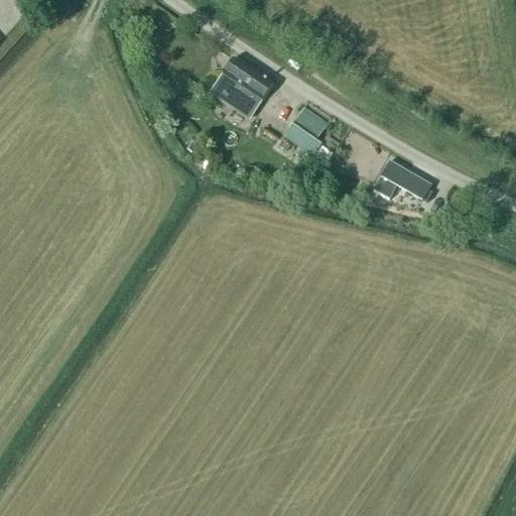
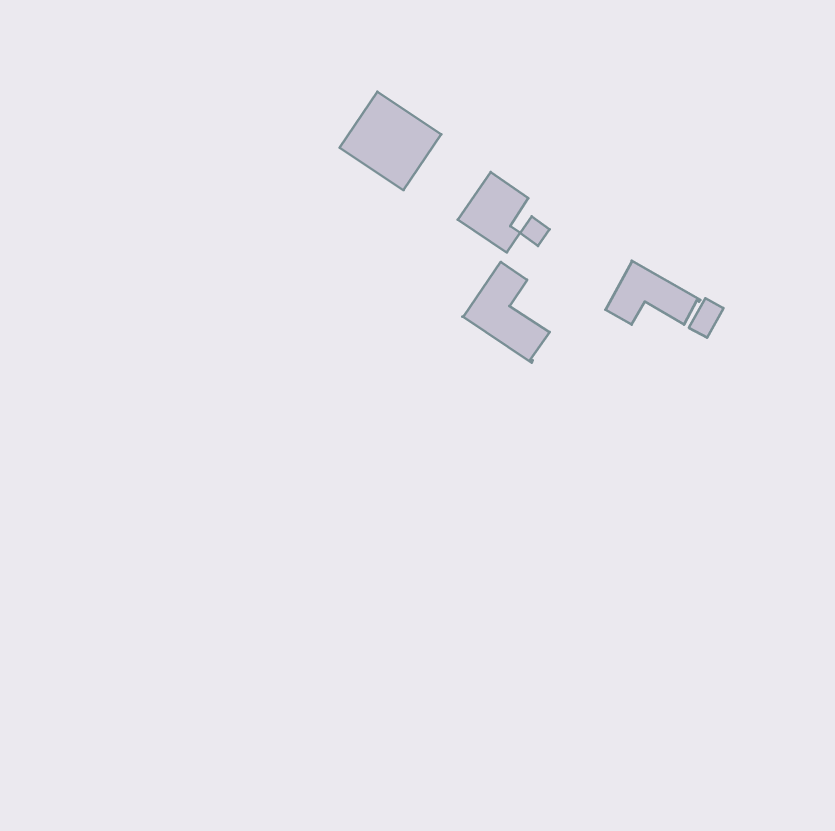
building: none -> [462,262,550,363]

